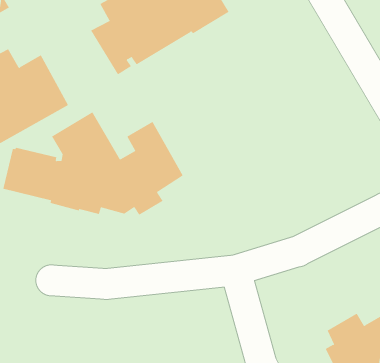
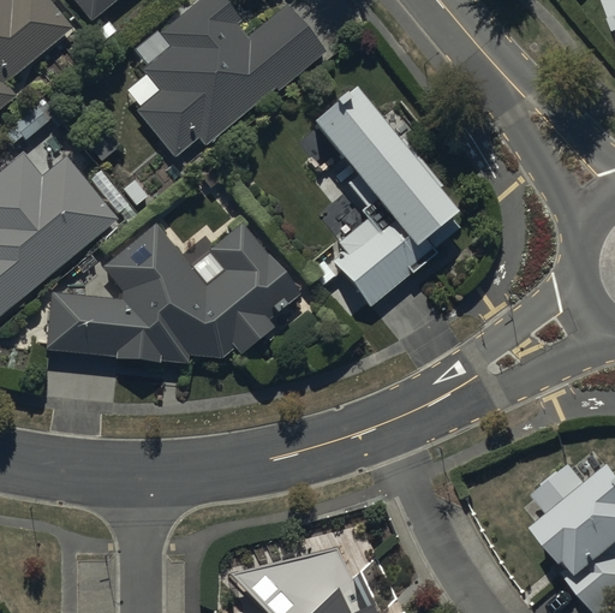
building: none -> [305,84,456,298]

